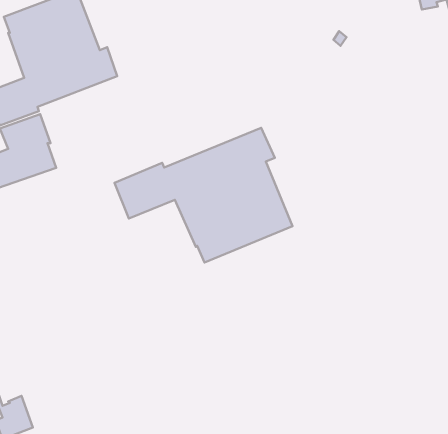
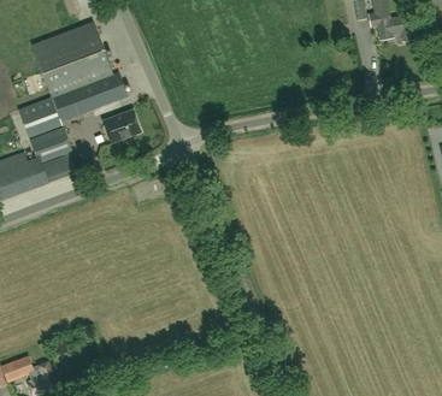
building: none -> [100,111,140,144]
building: [115,128,293,262] -> none

